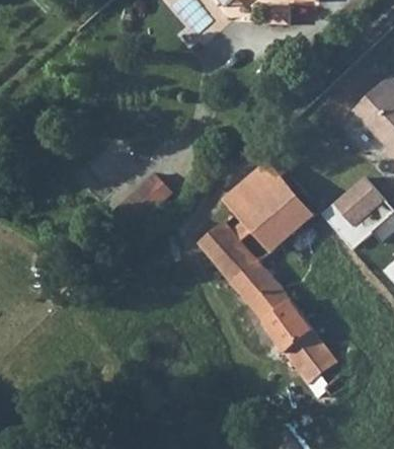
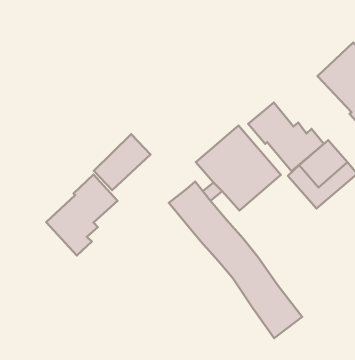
building: none -> [248,102,324,171]
building: none -> [46,174,118,255]

